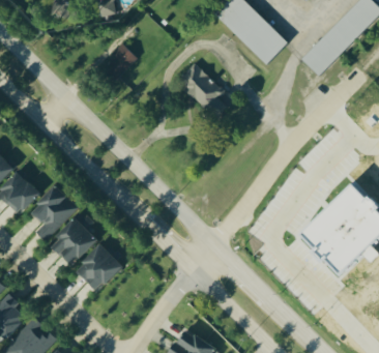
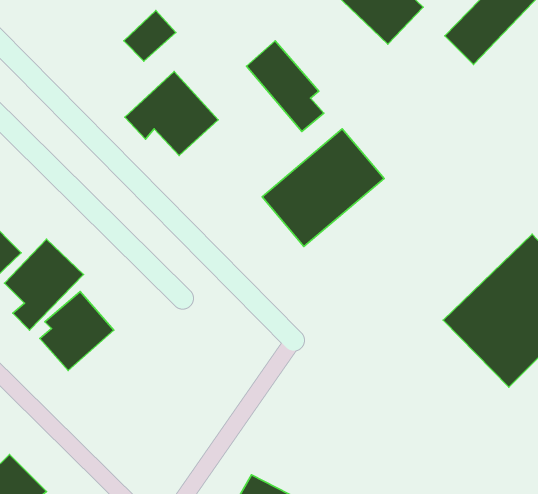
building: none -> [125,71,218,155]
building: none -> [262,129,384,246]
building: [74,243,122,291] -> none

